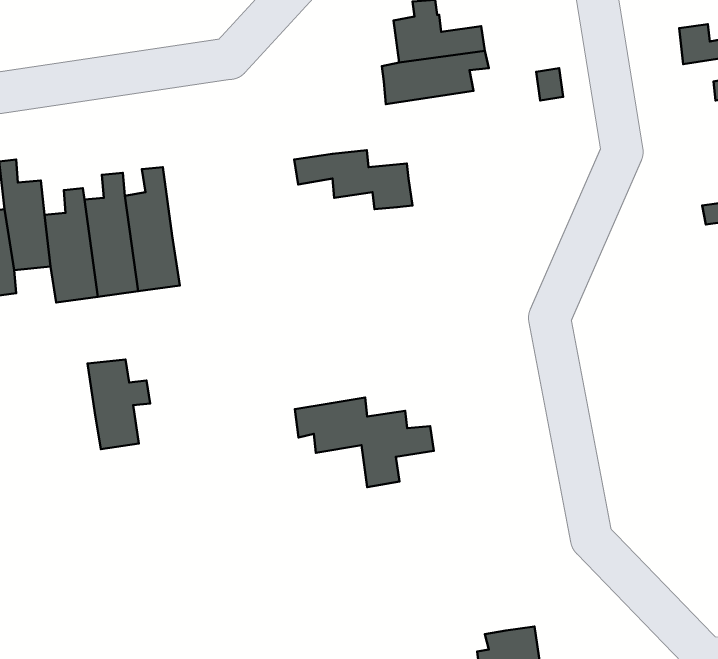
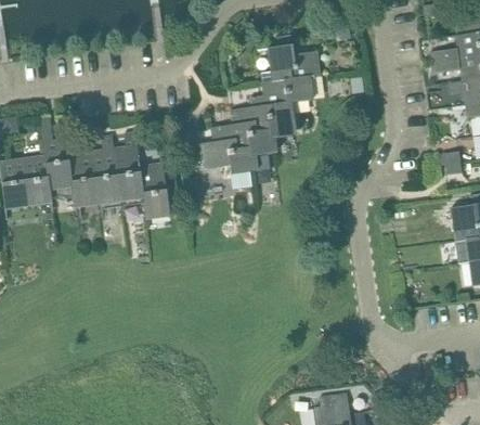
building: none -> [230,88,313,138]
building: [87,360,150,449] -> [141,168,177,219]
building: [295,398,434,487] -> [192,138,271,189]

